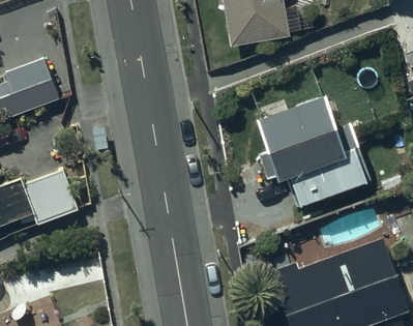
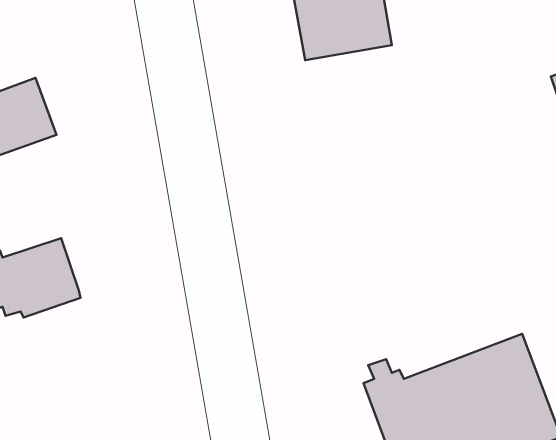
building: [253,95,371,208] -> none

